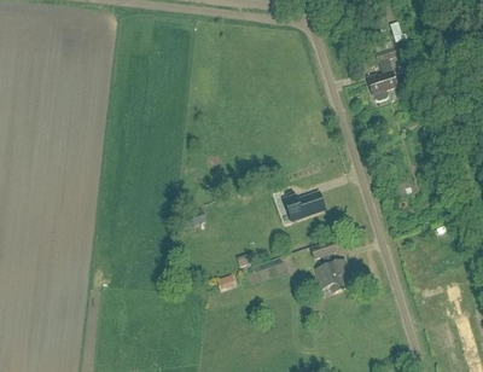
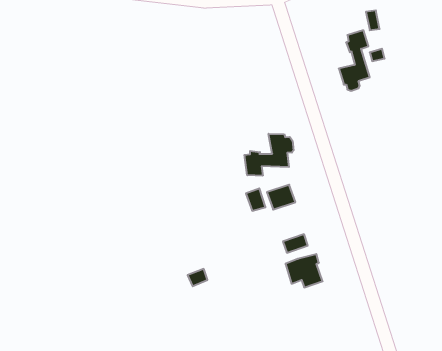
building: none -> [244,134,293,176]

